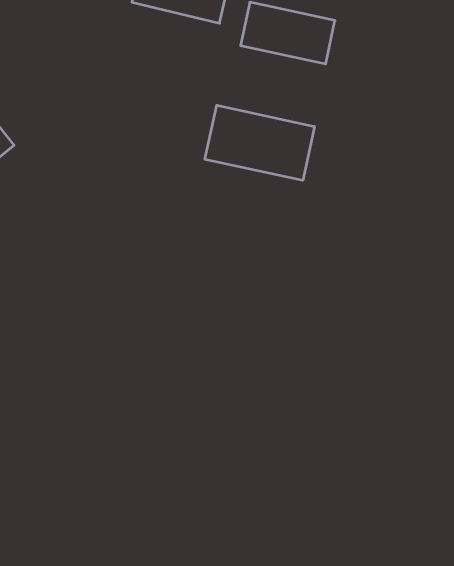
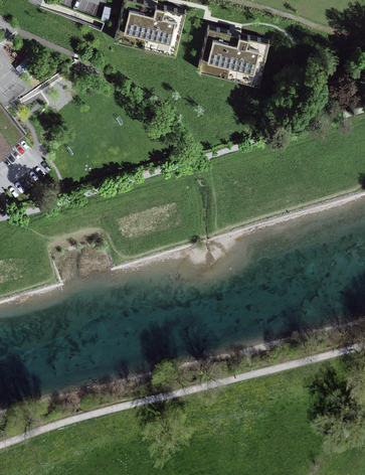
building: [205,105,314,180] -> none

